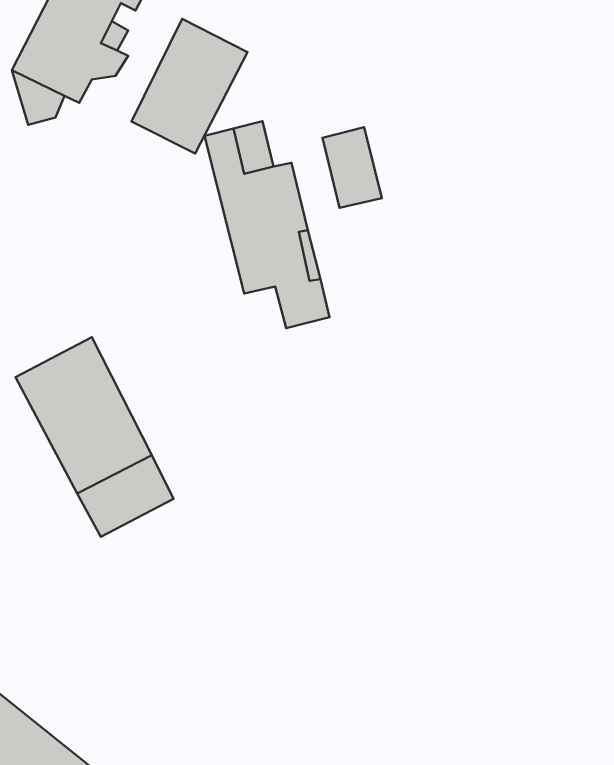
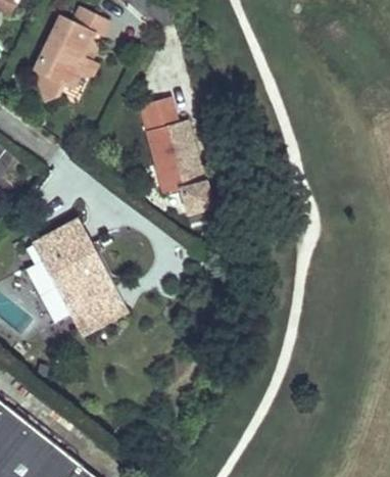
building: [131,19,247,153] -> none
building: [323,127,382,208] -> none

